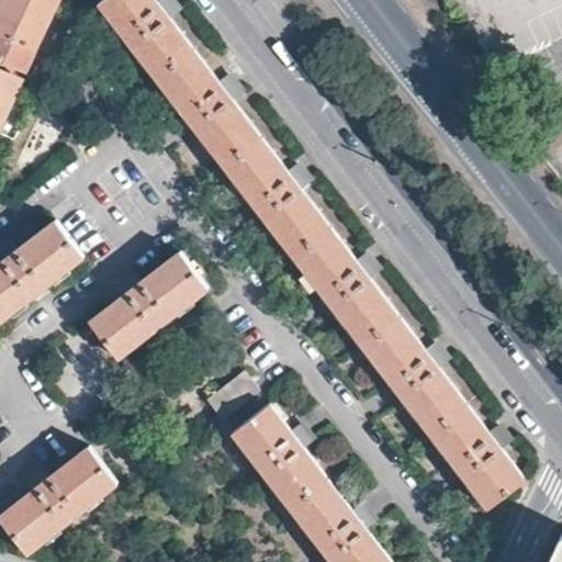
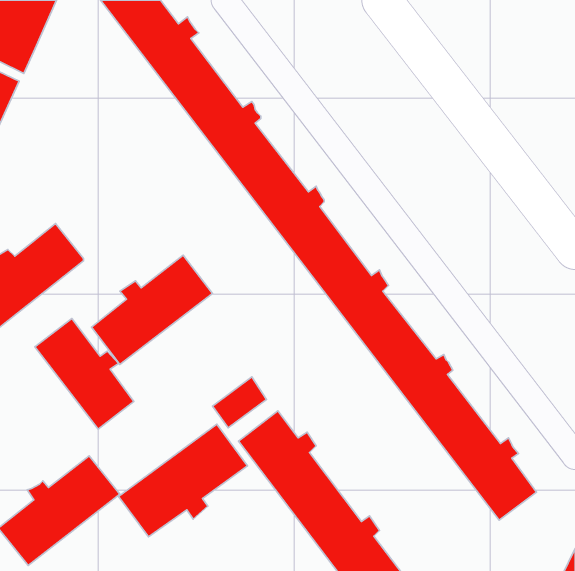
building: none -> [35,318,134,429]
building: none -> [118,424,248,537]

